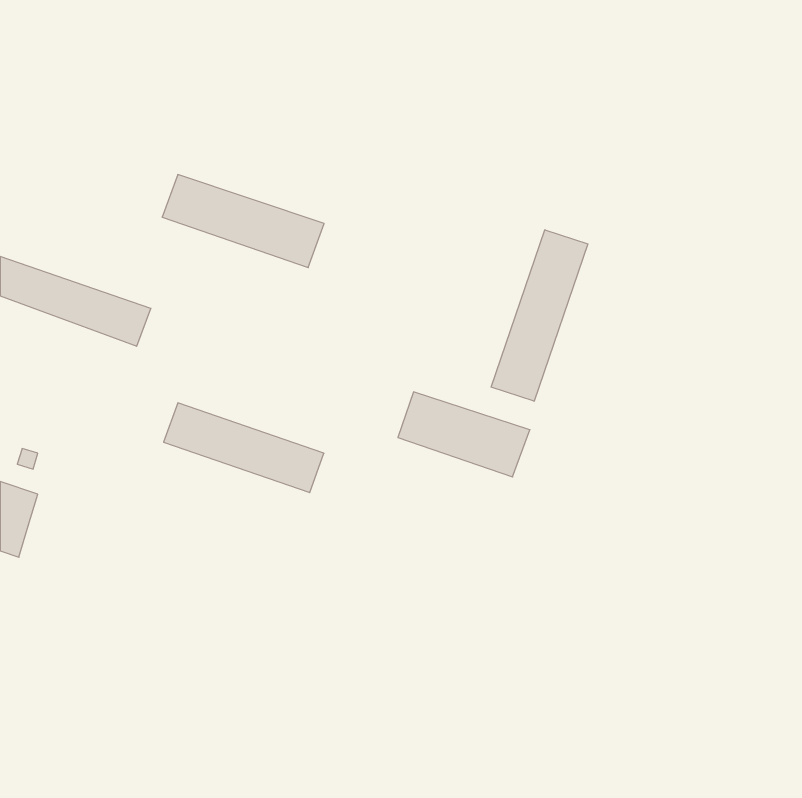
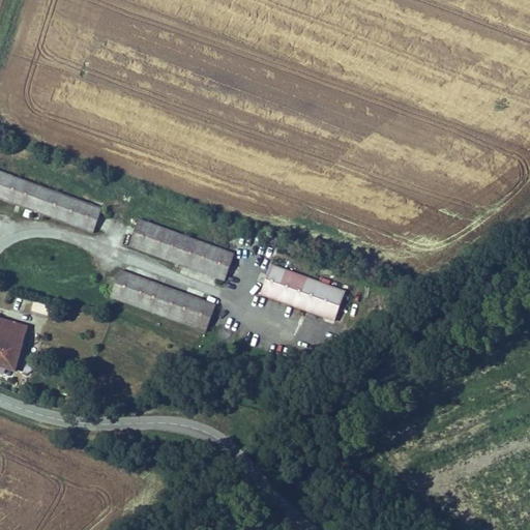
building: [162,175,324,268] -> [127,217,234,278]
building: [491,230,588,401] -> none

